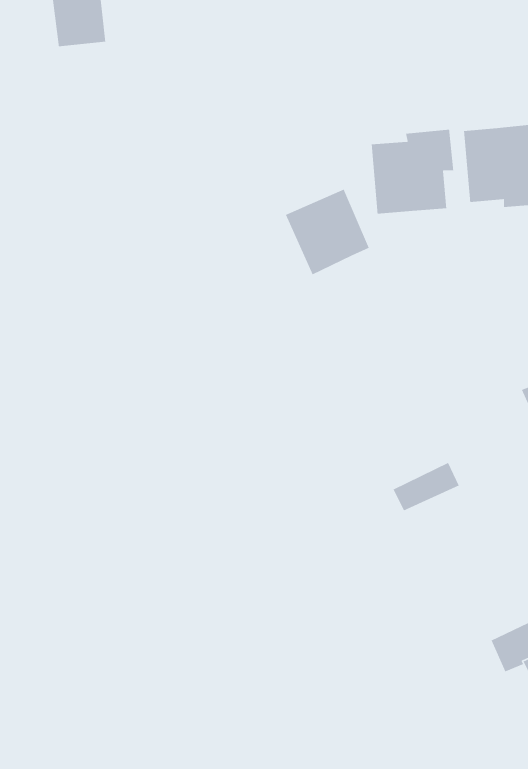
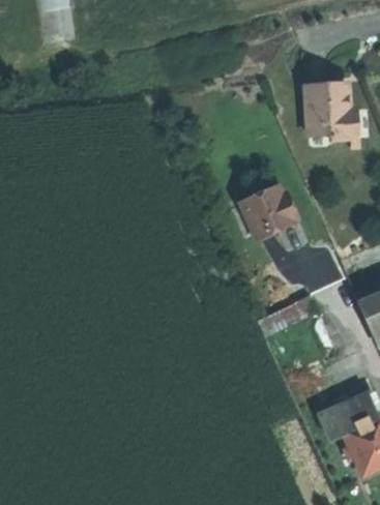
building: [371,129,454,214] -> none
building: [285,189,370,275] -> [238,182,293,238]

